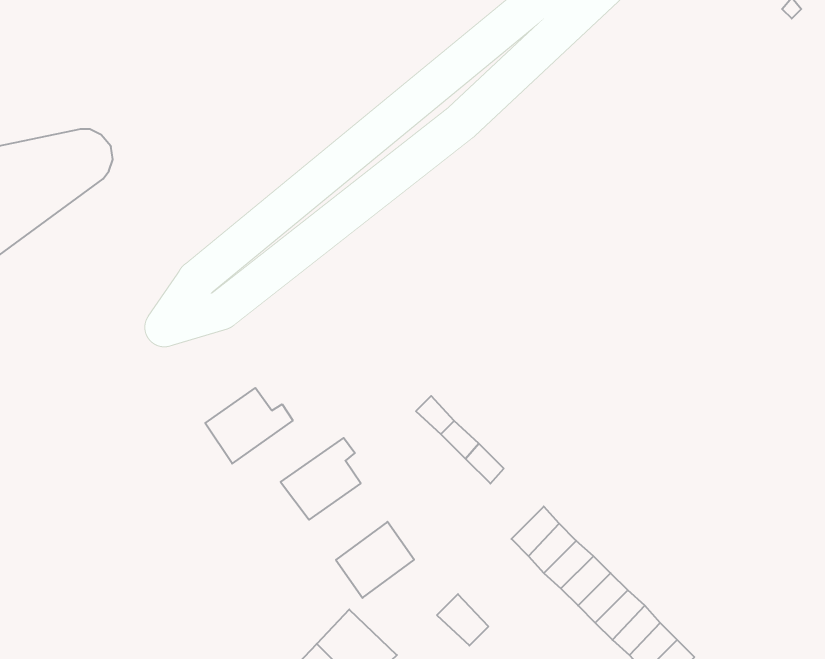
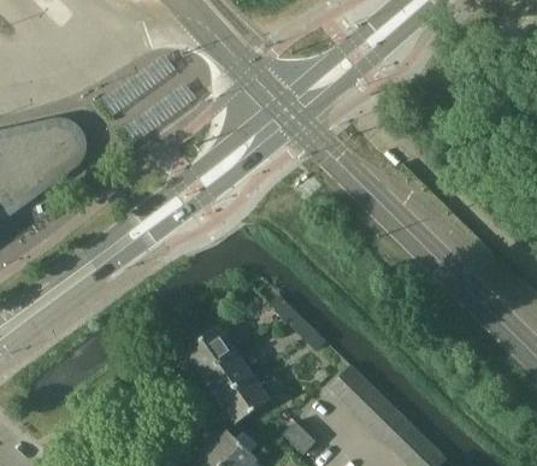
building: [205,388,293,464] -> none
building: none -> [203,352,253,400]

